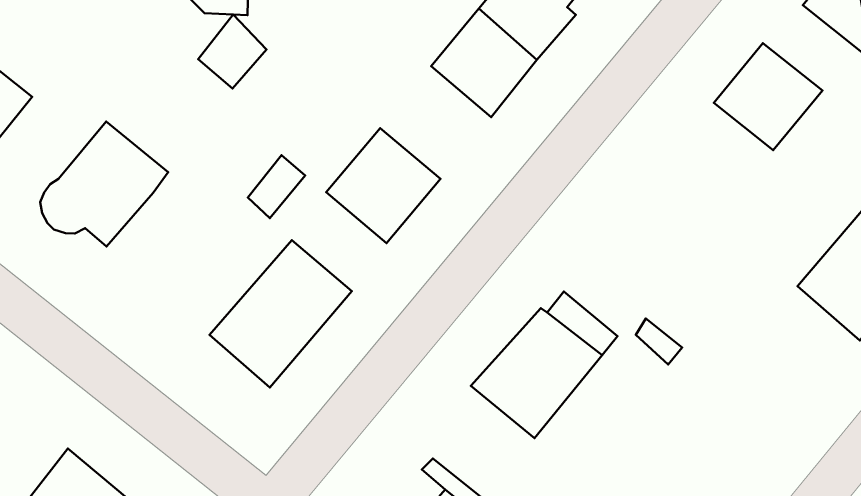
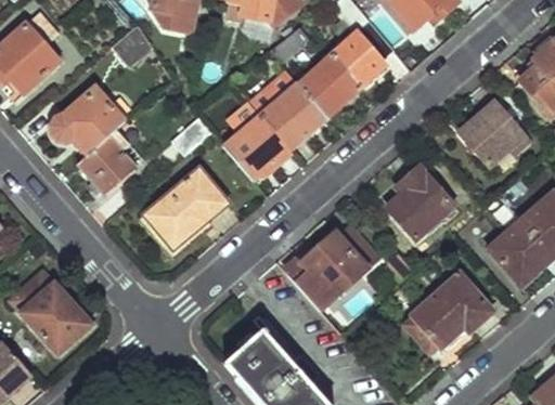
building: [198,15,267,88] -> [112,25,153,68]
building: none -> [259,81,325,148]
building: none -> [389,165,459,236]
building: none -> [78,129,141,196]
building: none -> [412,274,493,347]

